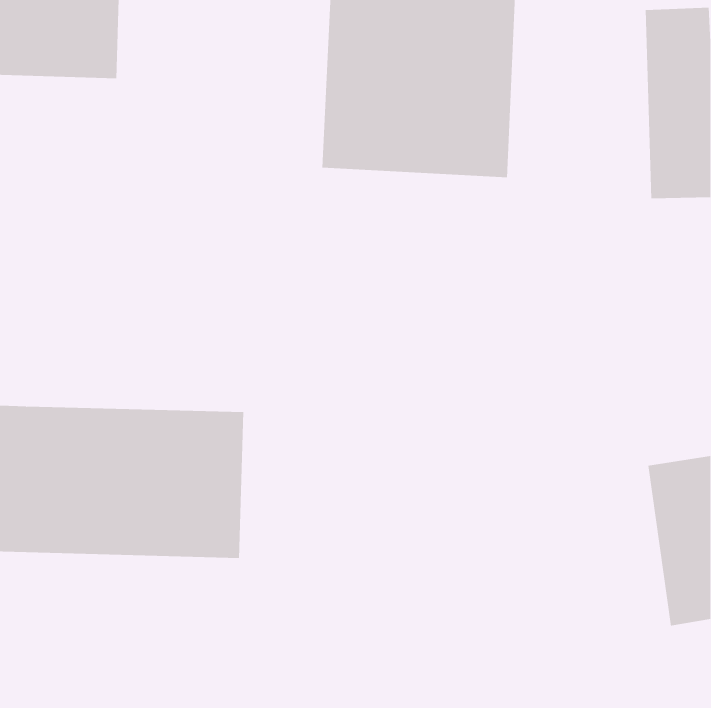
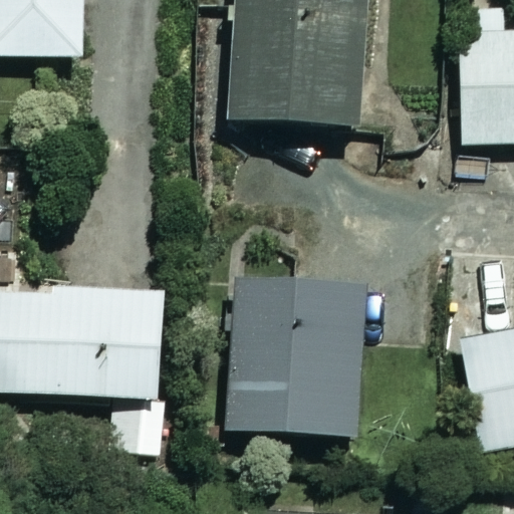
building: none -> [224,280,367,437]

